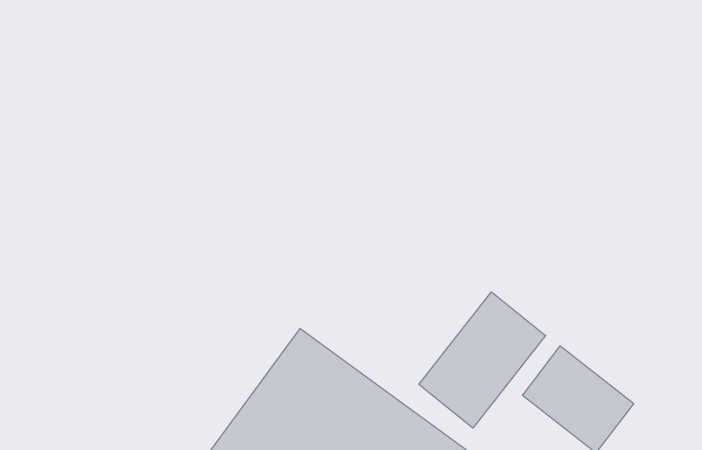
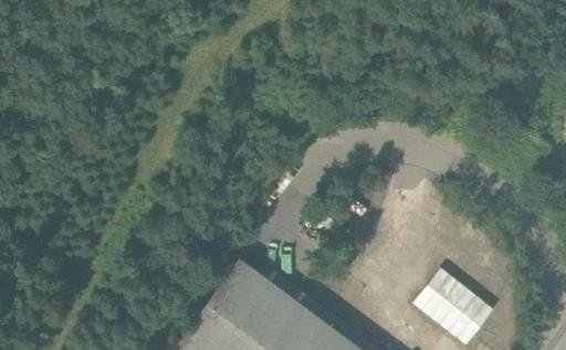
building: [419,292,546,428] -> none

